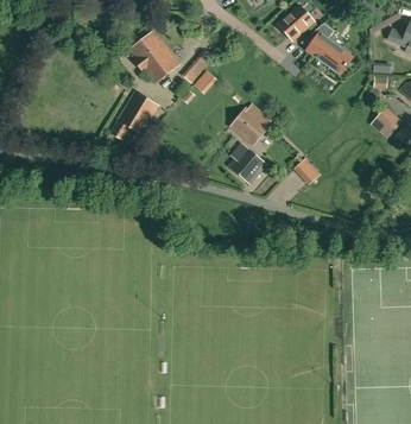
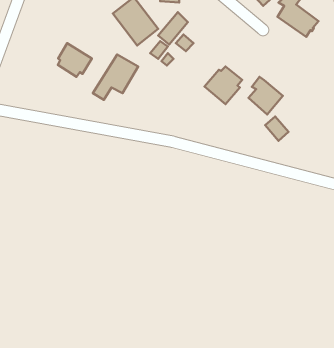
building: none -> [58,43,92,77]
building: [229,143,266,183] -> [249,77,283,115]

